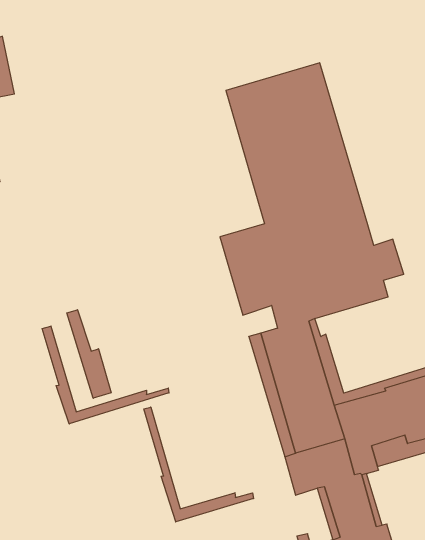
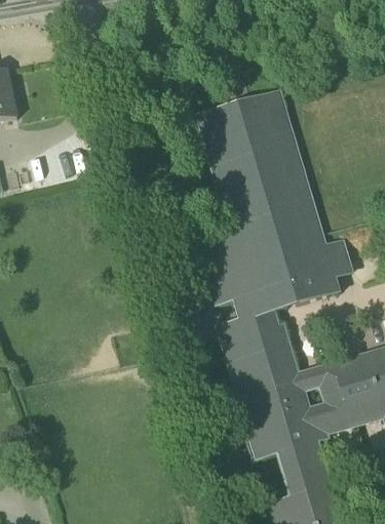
building: [67,310,111,398] -> none
building: [42,326,169,424] -> none
building: [144,407,254,522] -> none

